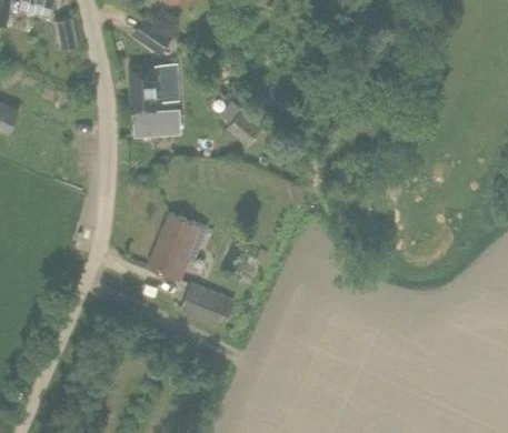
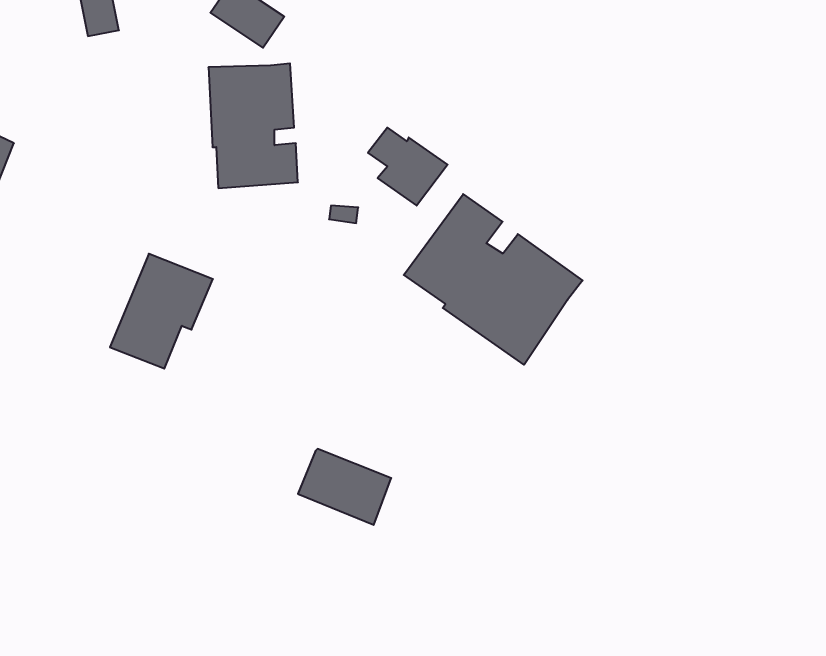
building: none -> [404,194,583,365]
building: [148,212,207,278] -> [110,254,213,369]

